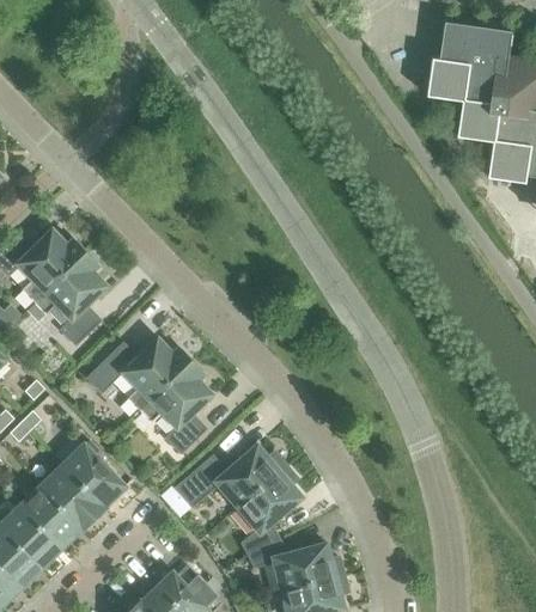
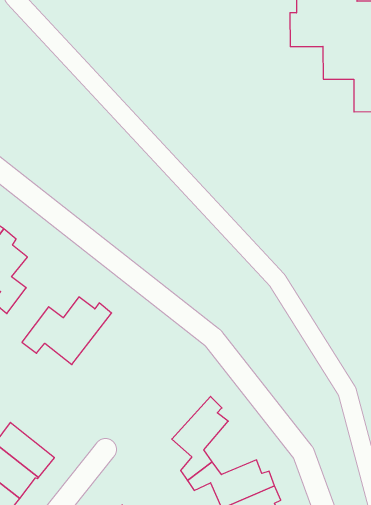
building: [140,360,213,452] -> none
building: [63,443,127,509] -> none
building: [177,445,287,507] -> none

